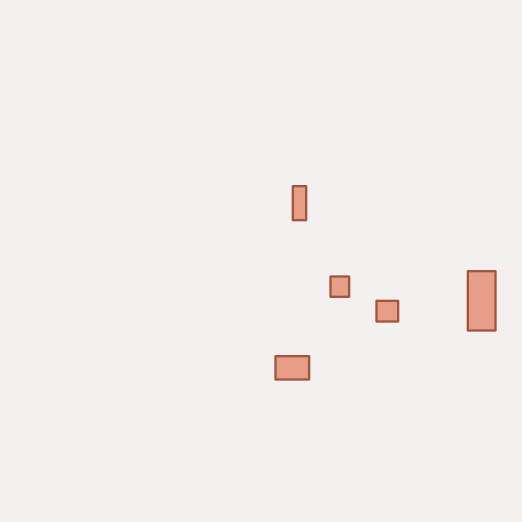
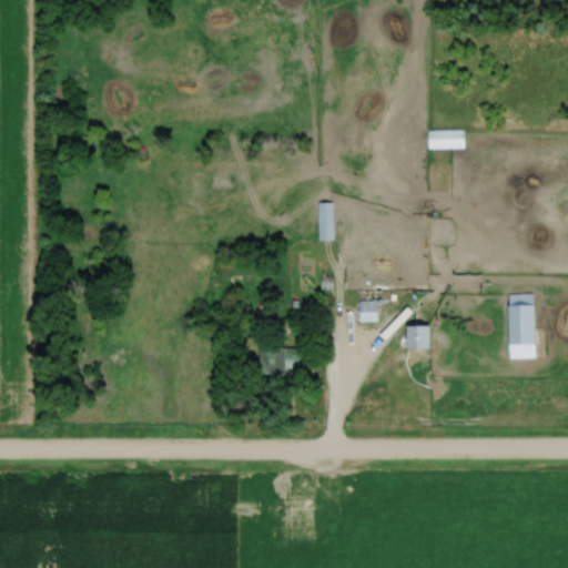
building: none -> [427,131,464,149]
building: [275,356,309,380] -> [262,348,298,374]

